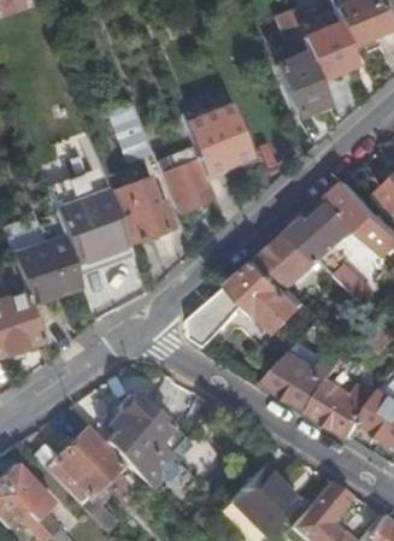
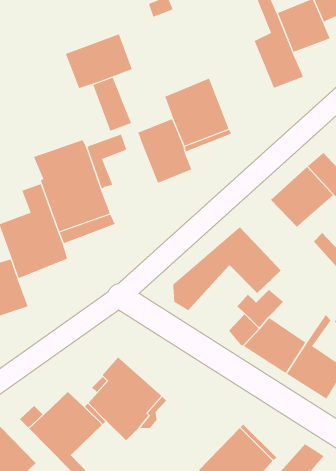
building: none -> [65,33,132,89]
building: [118,178,171,248] -> none
building: [260,230,319,287] -> none

